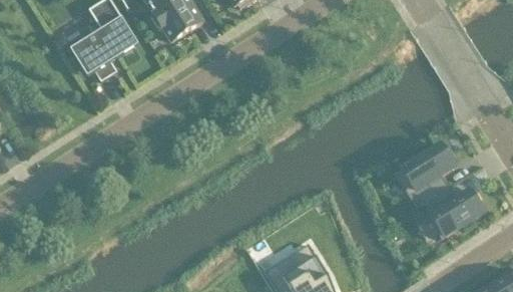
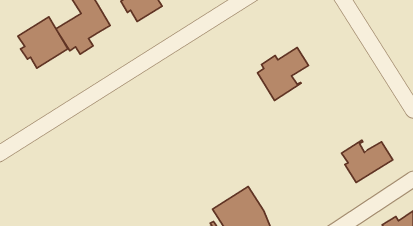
building: none -> [18,17,68,68]
building: [393,140,456,206] -> [257,48,309,100]

